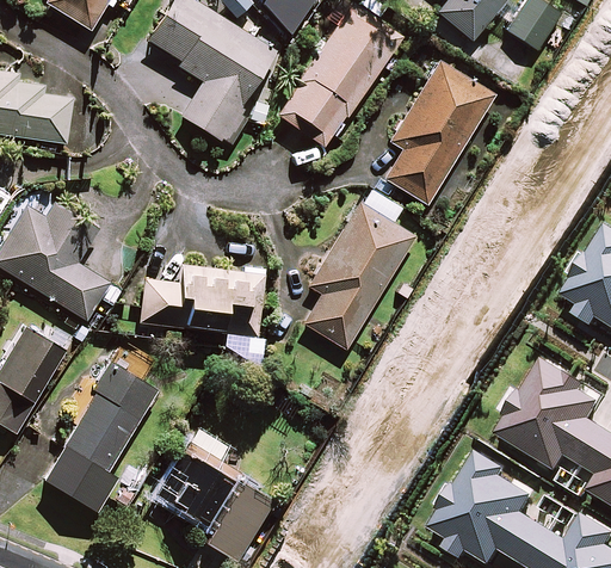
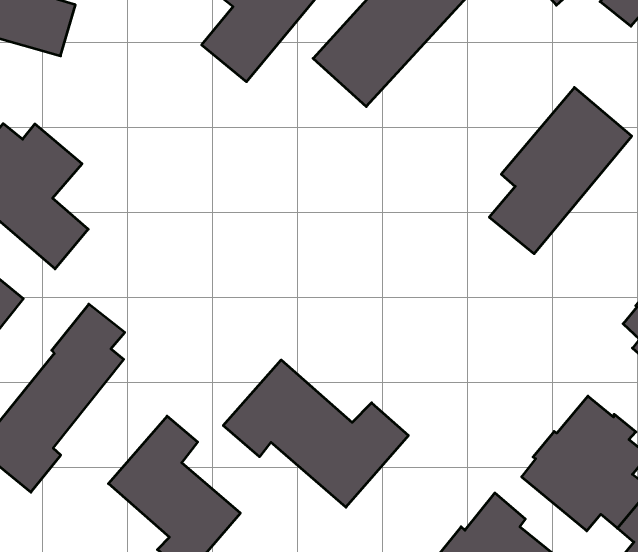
building: [384,61,493,204] -> [489,87,632,254]
building: [303,187,414,350] -> none
building: [140,266,264,337] -> none
building: none -> [223,360,408,507]

